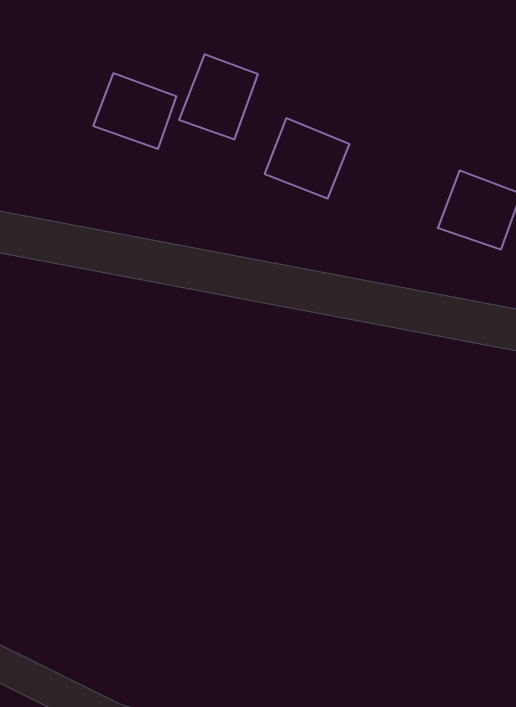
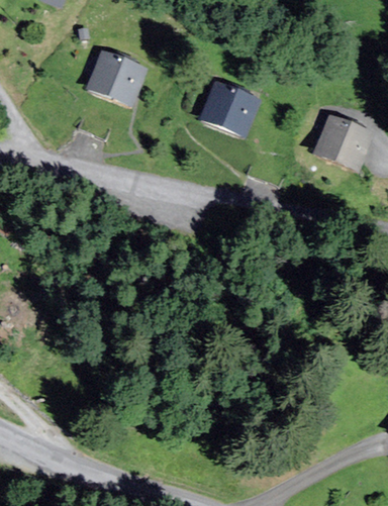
building: [179,54,258,140] -> none

